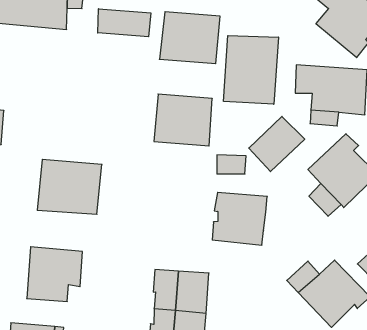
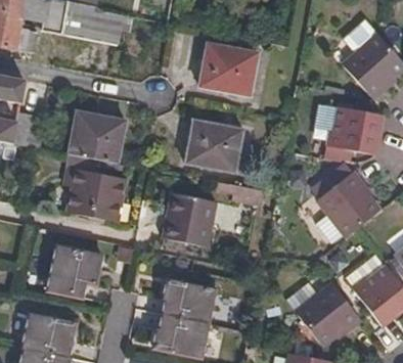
building: [98,9,151,37] -> none
building: [224,36,278,104] -> none
building: none -> [65,105,125,158]
building: [249,116,305,172] -> none
building: [212,192,267,245] -> [165,189,220,242]

